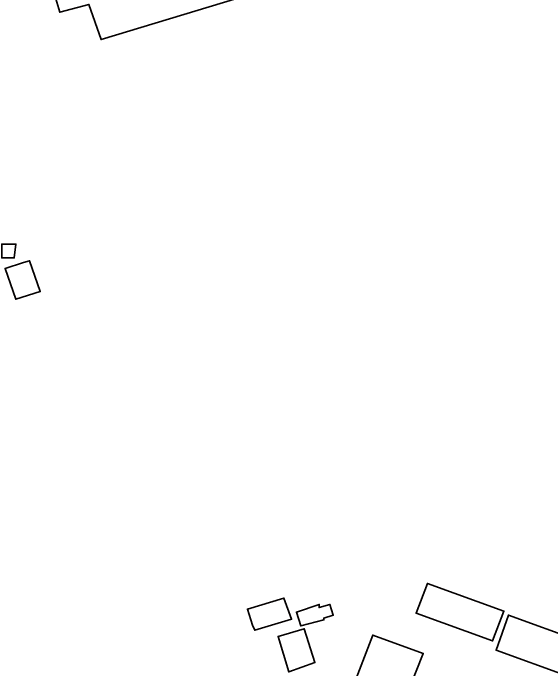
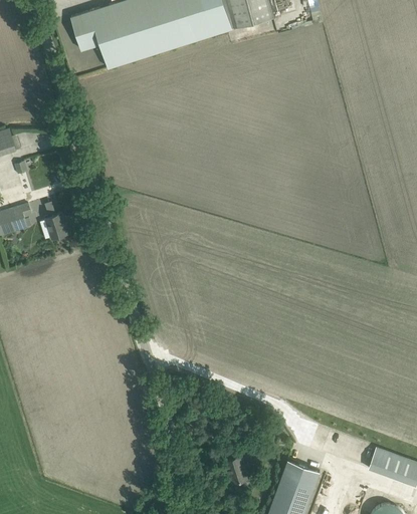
building: [416,584,504,641] -> none
building: [247,598,291,630] -> none

